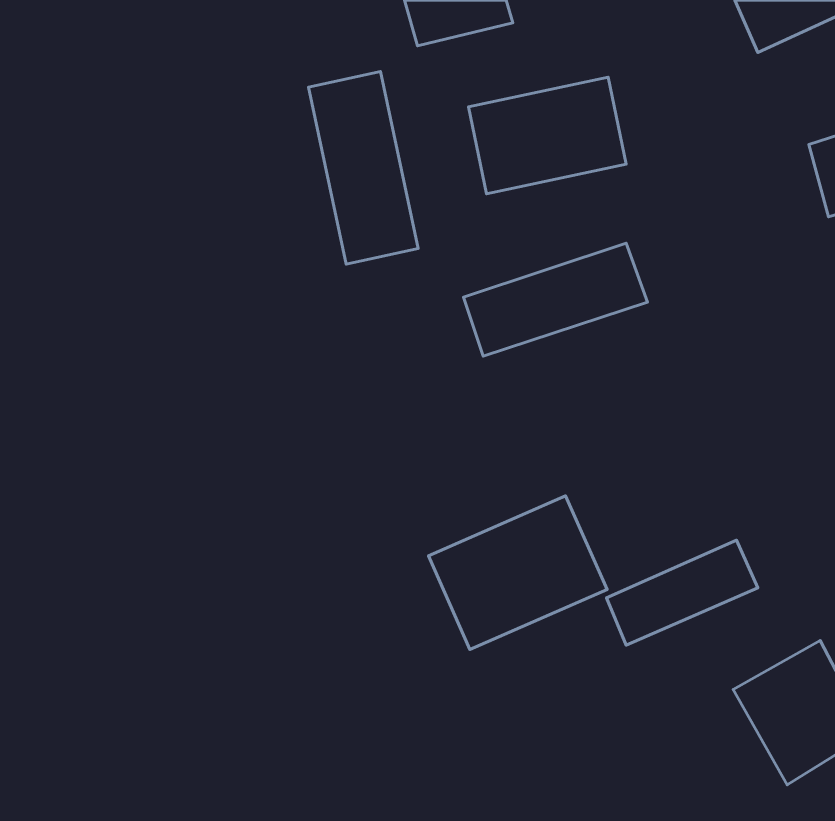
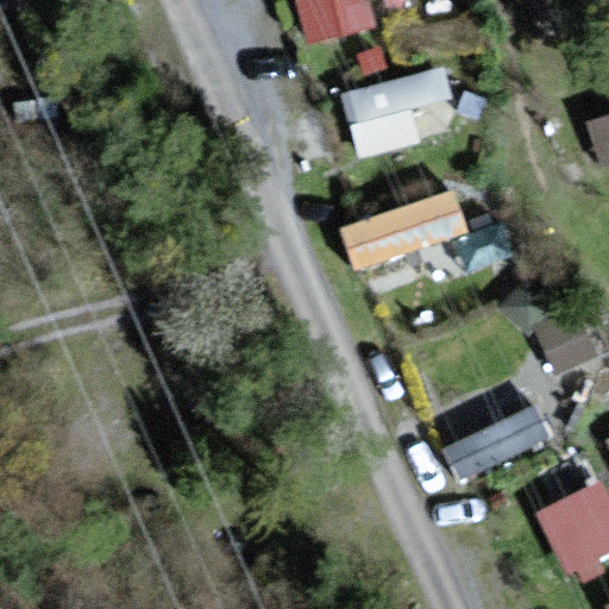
building: [309,71,418,264] -> none
building: [428,496,607,650] -> none

